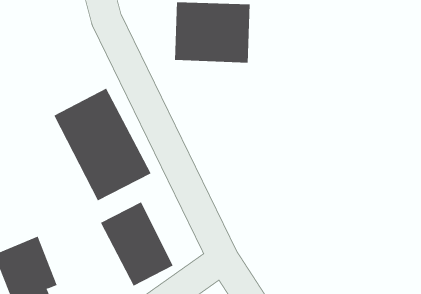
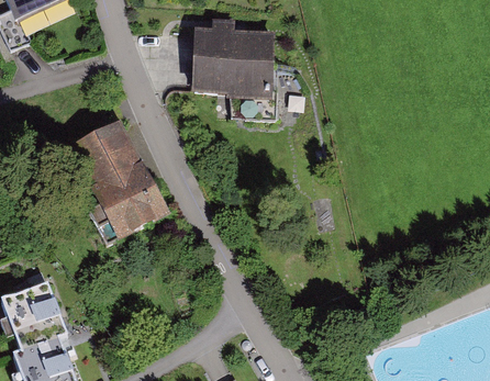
building: [100,202,174,287] -> none

